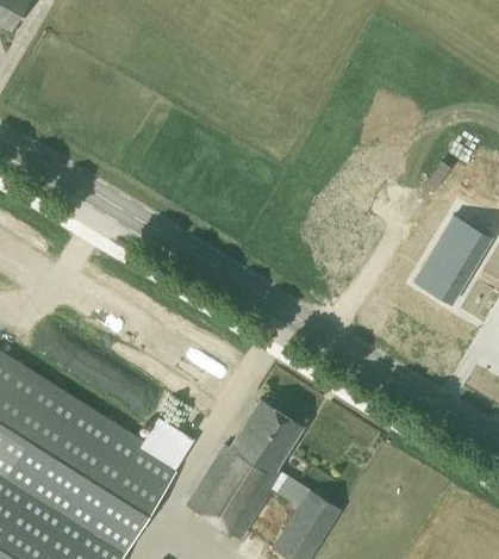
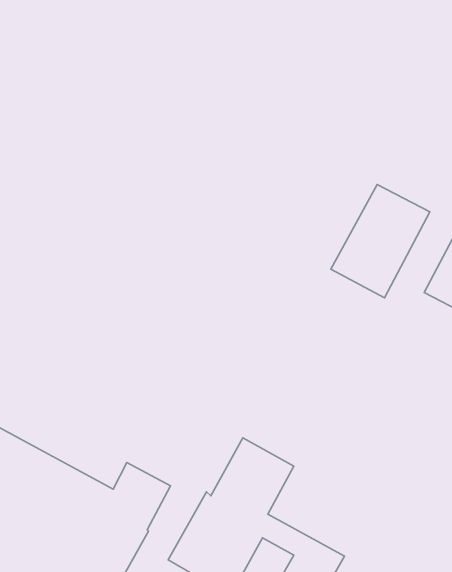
building: none -> [331,185,430,298]

